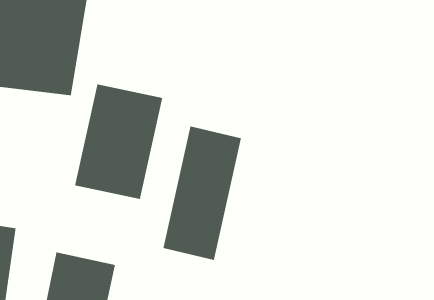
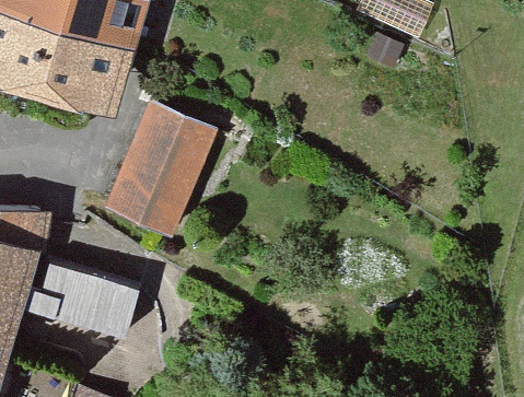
building: [163,126,242,261] -> none

